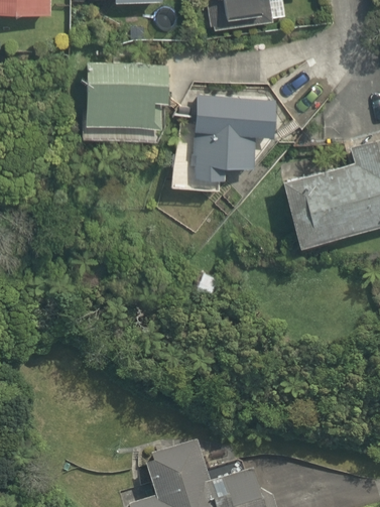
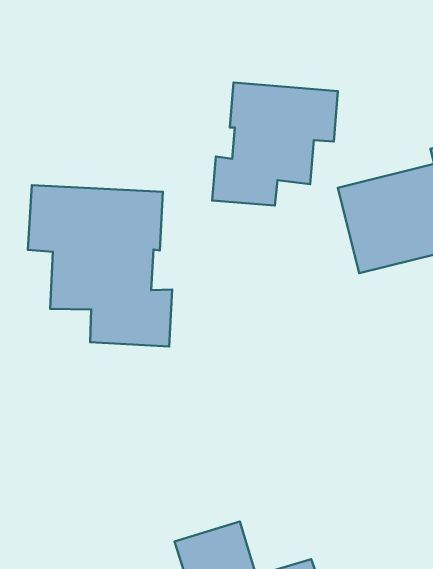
building: [88,64,168,132] -> none
building: none -> [28,185,172,347]

